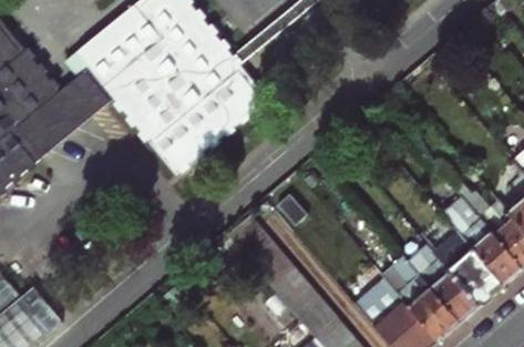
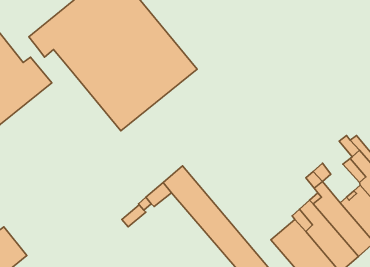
building: [66,75,113,115] -> none

